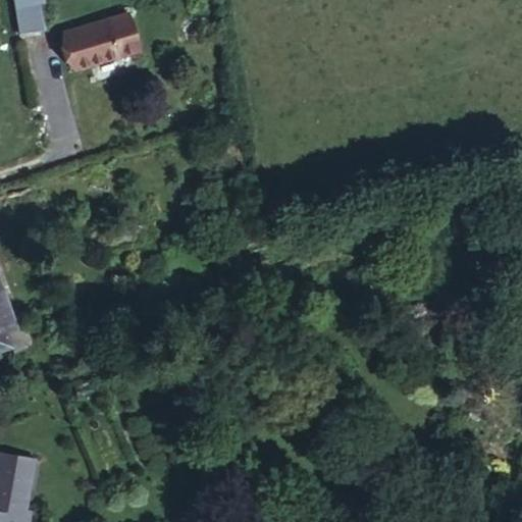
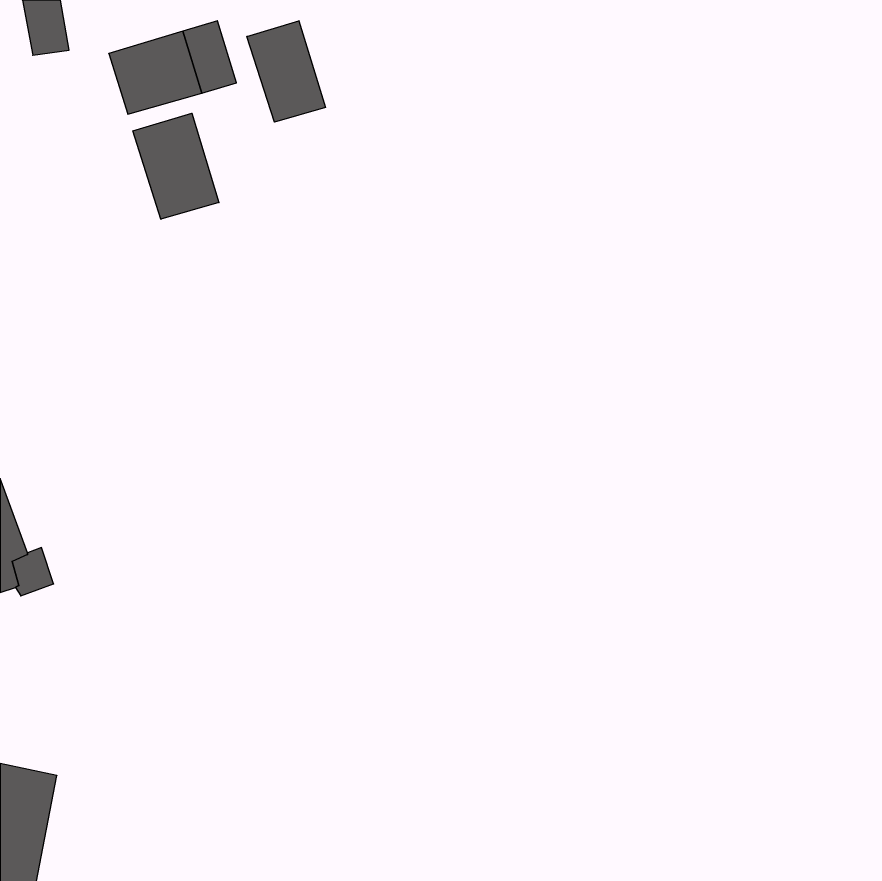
building: none -> [247,21,325,122]
building: none -> [133,113,219,219]

